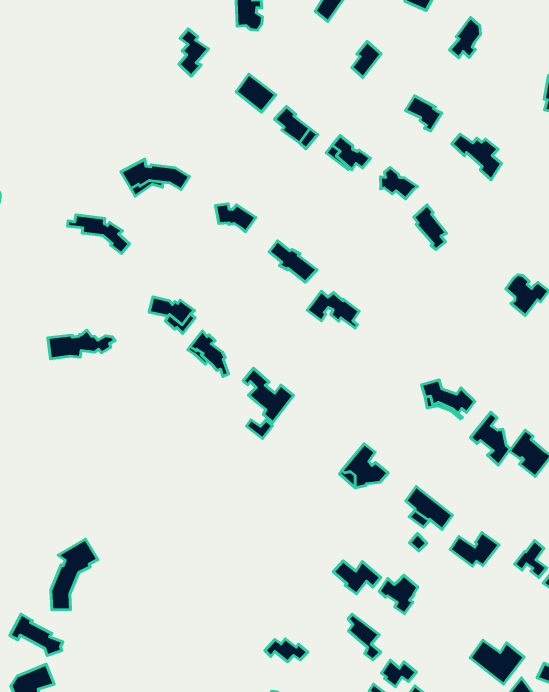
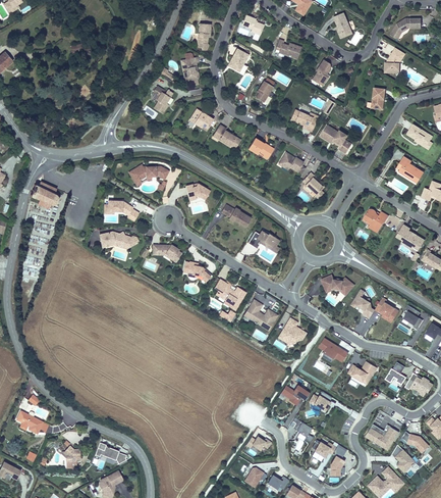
building: [48,330,115,359] -> [103,228,143,247]
building: none -> [244,300,277,329]
building: [51,539,98,610] -> none

